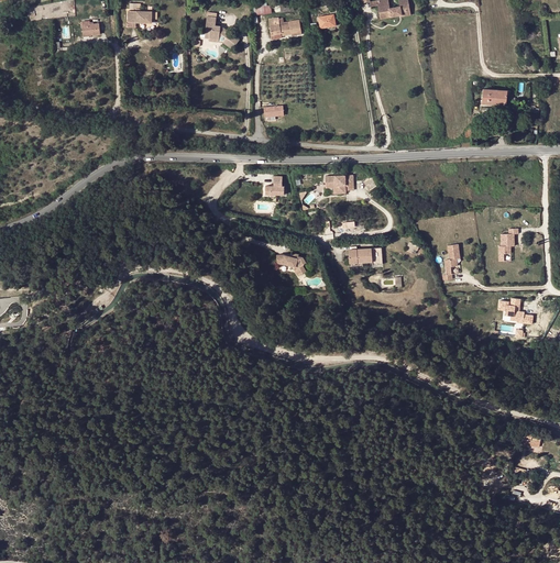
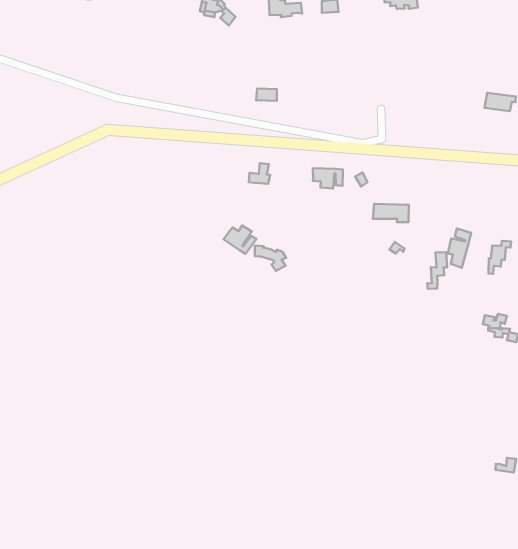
building: none -> [448,228,471,268]
building: none -> [224,226,257,254]
building: [348,247,382,265] -> [373,204,409,222]

